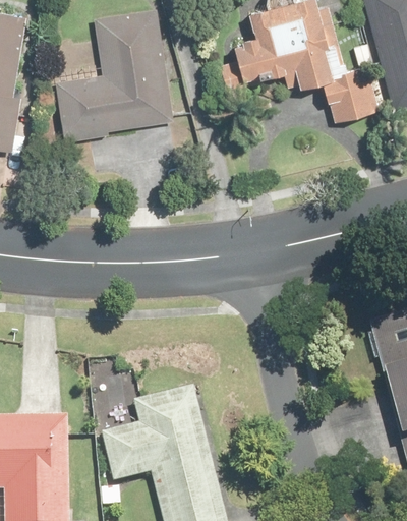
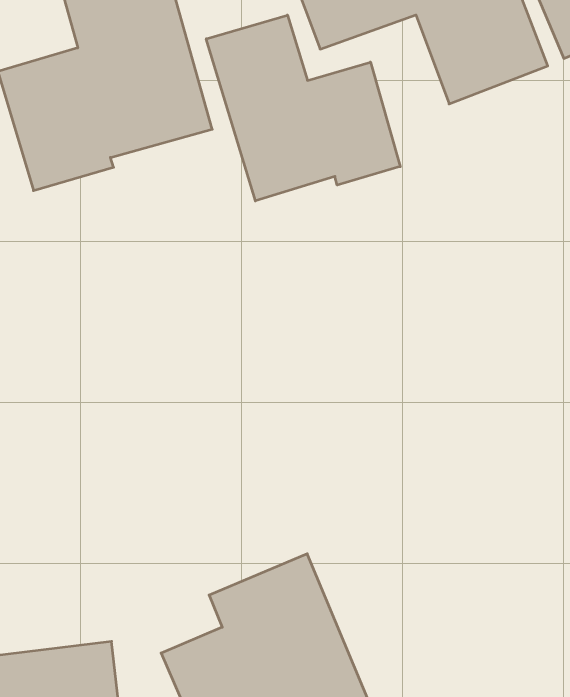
building: none -> [206,15,400,201]

